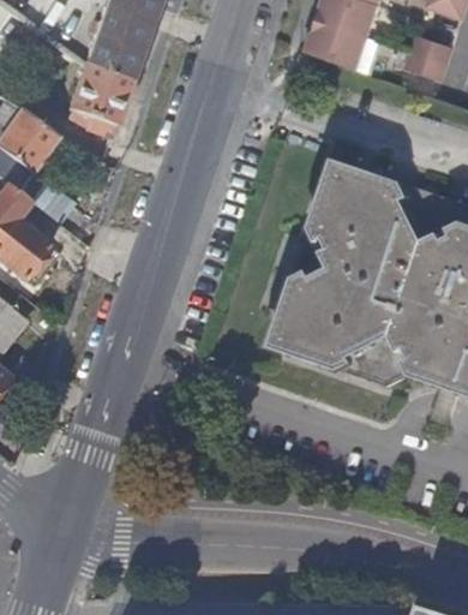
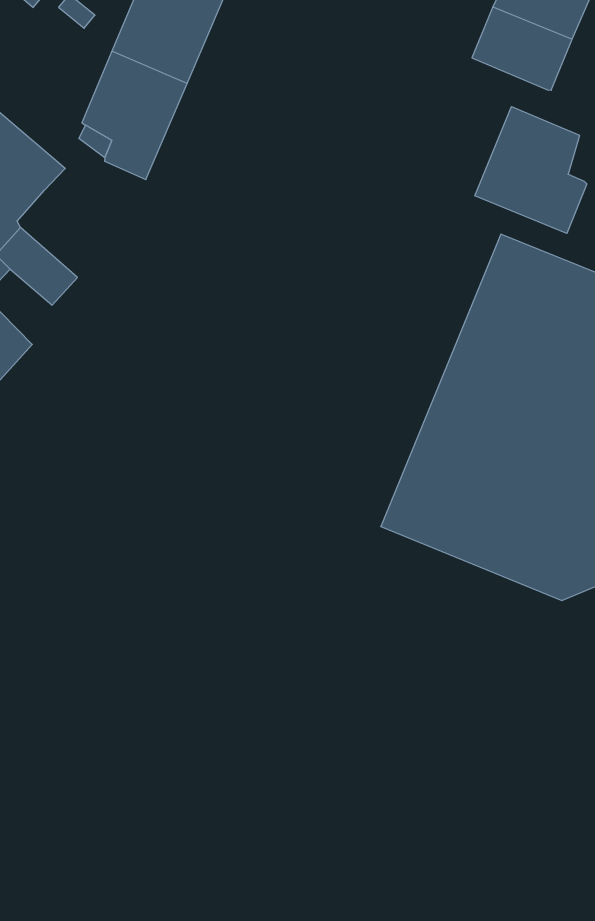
building: none -> [475,107,587,233]

